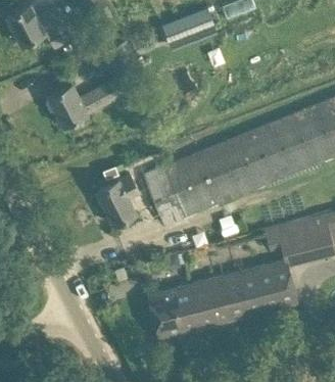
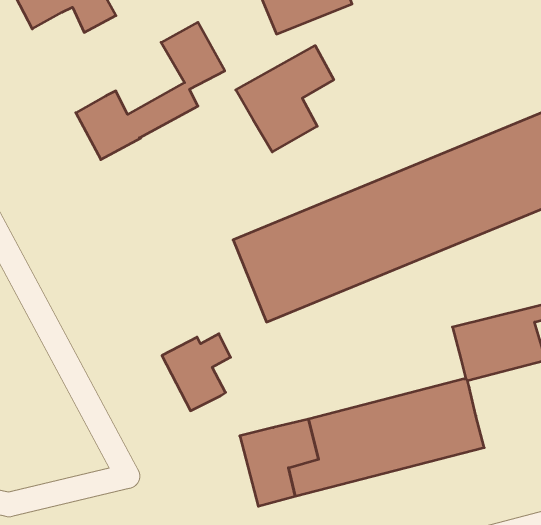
building: none -> [236,46,334,152]
building: [97,178,139,225] -> [162,334,231,411]

